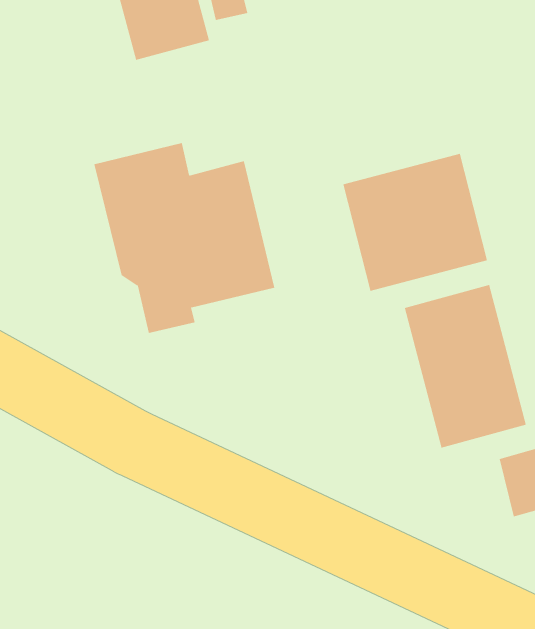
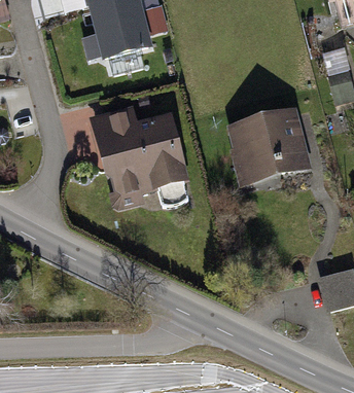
building: [404,284,527,449] -> none

